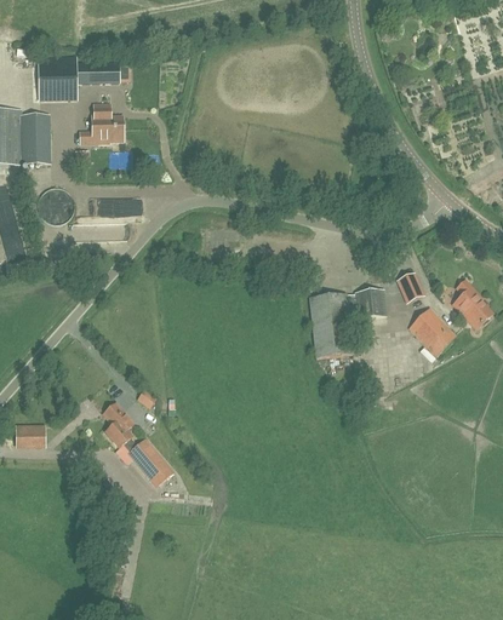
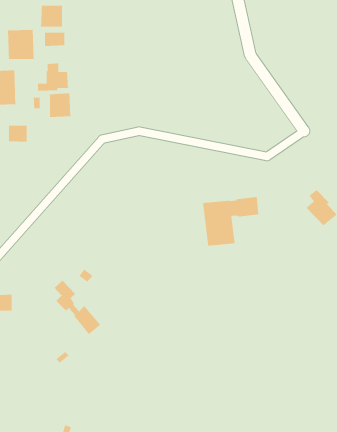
building: none -> [40,5,63,28]
building: none -> [49,93,71,118]
building: [395,271,424,303] -> none
building: [407,306,456,356] -> none

